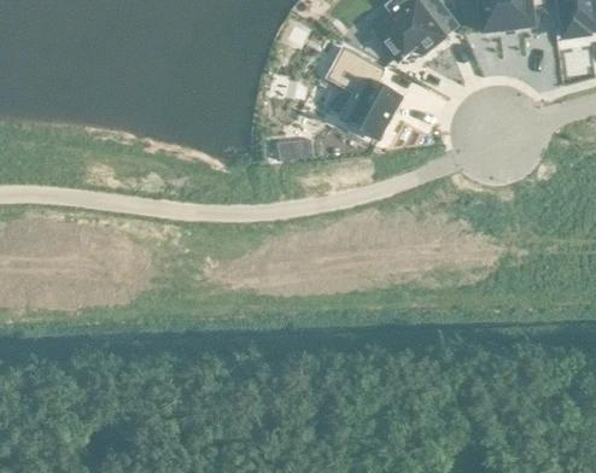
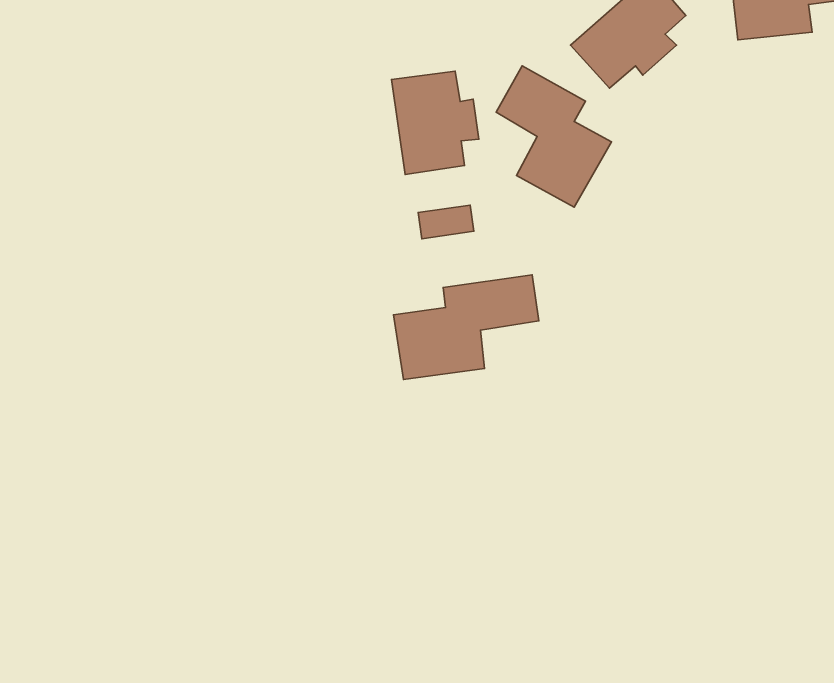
building: none -> [391,71,479,174]
building: none -> [393,275,539,379]

